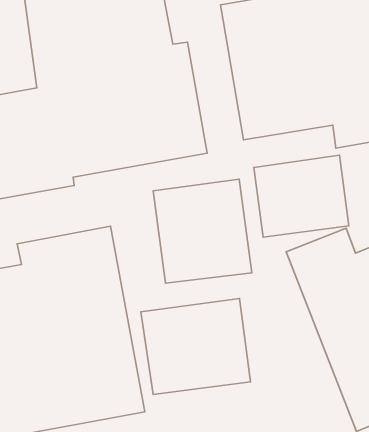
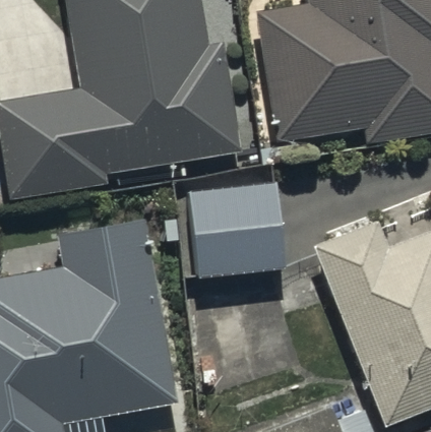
building: [254,155,349,237] -> none
building: [141,299,251,395] -> none

